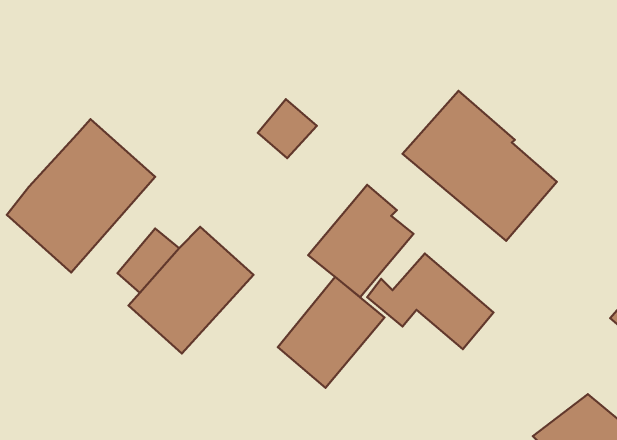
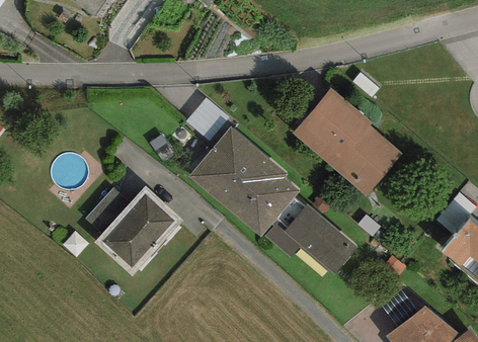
building: [7,119,155,273] -> none
building: [278,277,384,388] -> [189,125,266,205]

